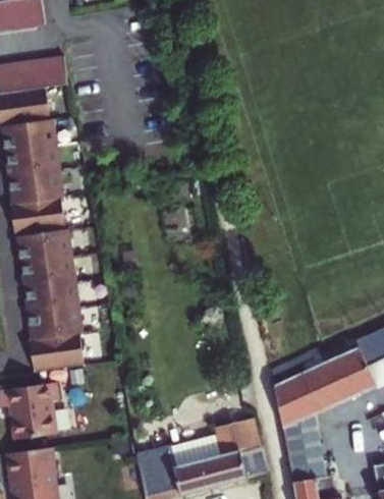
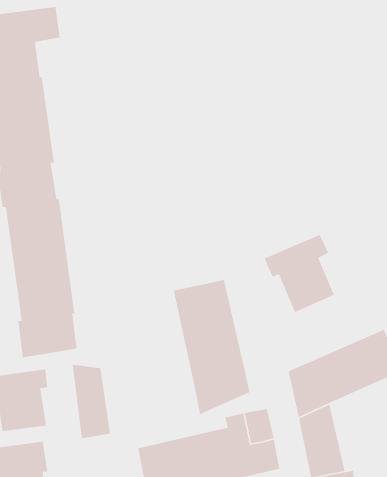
building: none -> [263,234,335,313]
building: none -> [173,279,251,415]
building: none -> [72,364,111,439]

